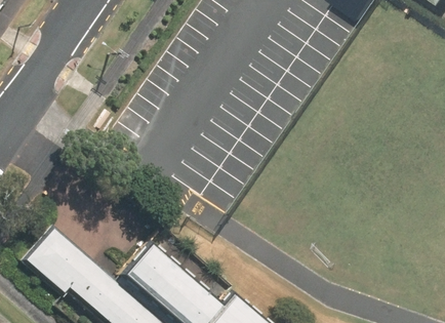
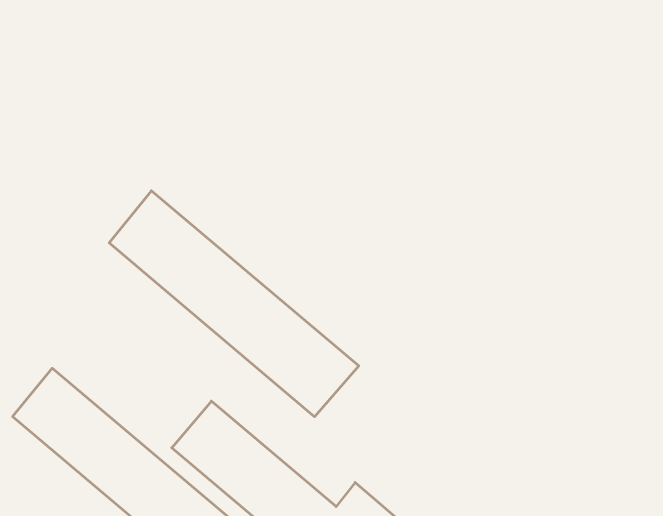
building: none -> [109,191,359,417]

